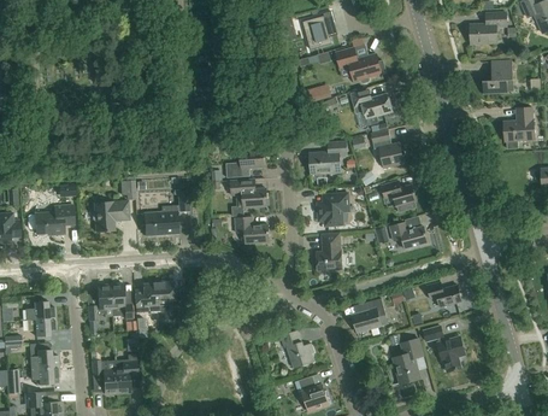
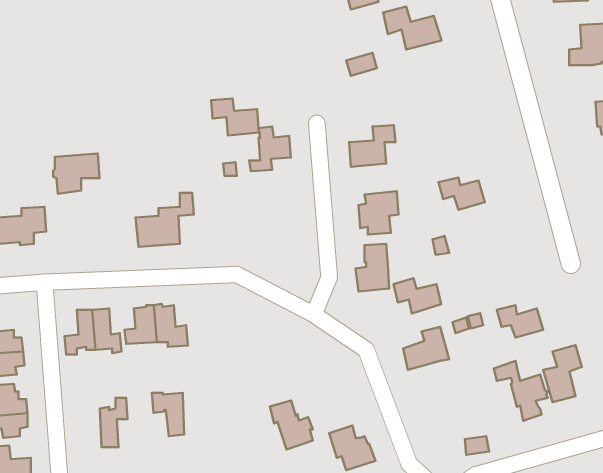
building: [350,88,393,125] -> none
building: [371,129,405,168] -> none
building: [230,178,267,207] -> [211,99,259,135]
building: [93,200,129,232] -> [53,154,99,194]
building: [236,216,270,242] -> none
building: [390,221,428,248] -> [393,278,441,313]
building: [281,329,314,368] -> [270,400,313,450]
building: [394,338,424,382] -> [543,345,582,402]
building: [92,359,117,393] -> [152,393,184,436]

